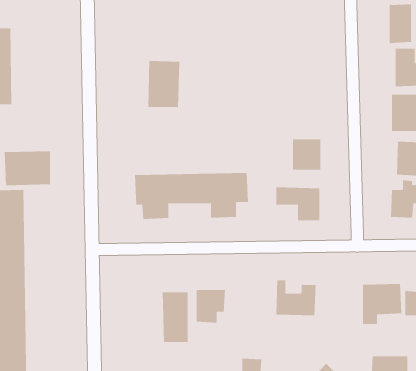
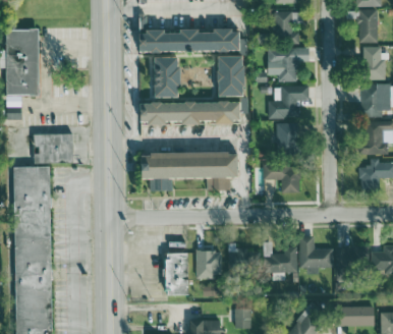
building: none -> [273,11,299,43]
building: none -> [138,30,241,52]
building: none -> [267,48,308,81]
building: none -> [217,56,245,97]
building: none -> [267,86,307,118]
building: none -> [139,101,241,124]
building: none -> [298,236,332,271]
building: none -> [227,246,247,270]

